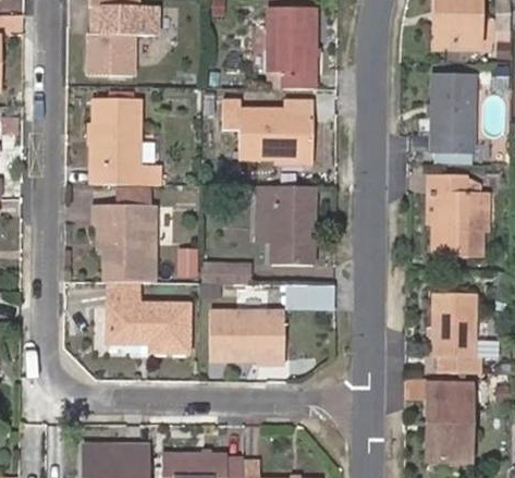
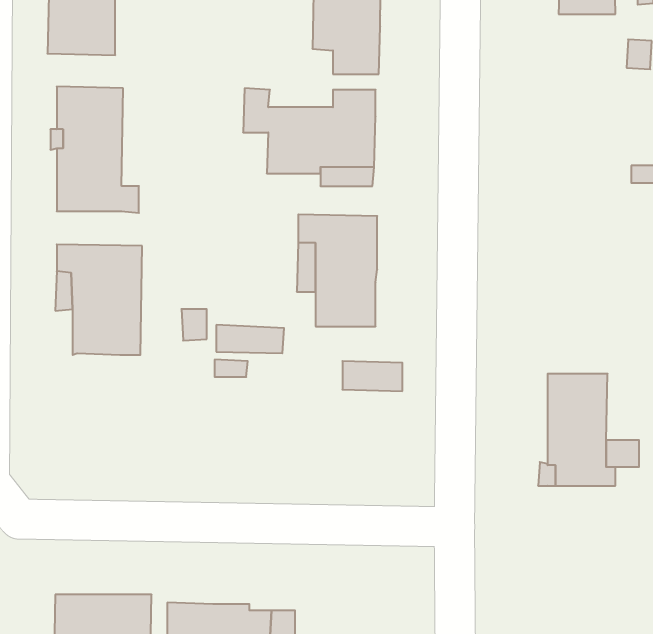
building: [430,74,471,155] -> none
building: [427,175,480,258] -> none
building: [107,281,188,353] -> none
building: [211,314,284,360] -> none
building: [426,383,469,463] -> none

